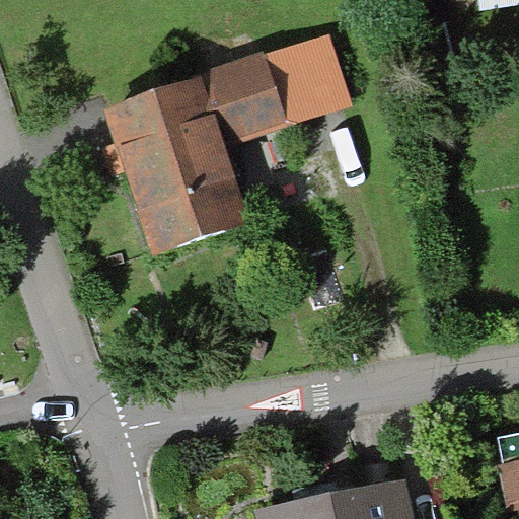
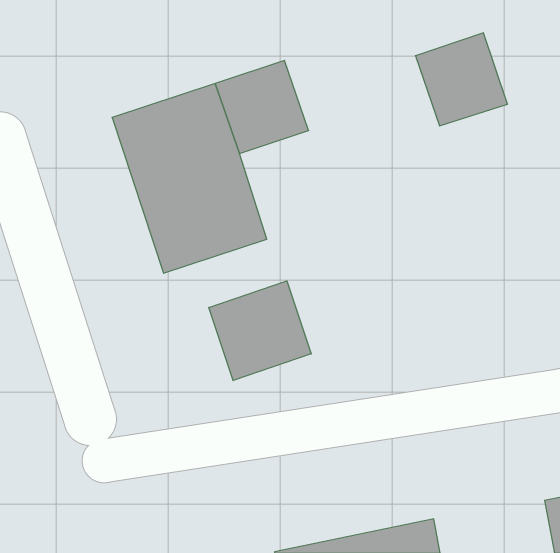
building: [264,34,349,121] -> [415,33,508,126]
building: none -> [209,281,311,381]

